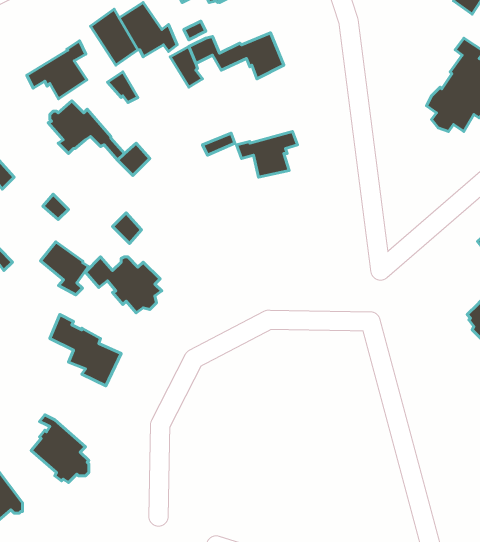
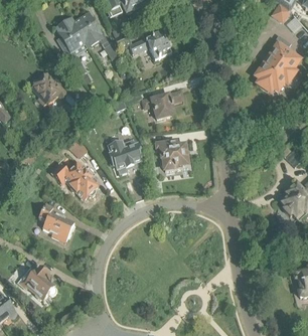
building: [27,41,87,99] -> none
building: none -> [107,139,143,170]
building: none -> [156,141,188,170]
building: [41,242,89,295] -> none

